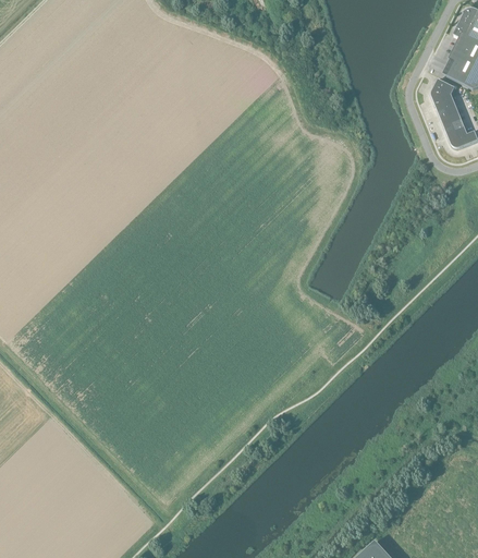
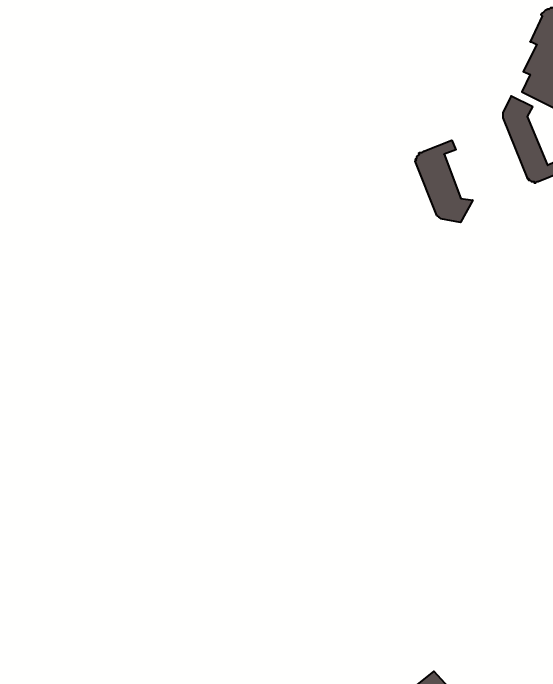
building: none -> [415,140,473,222]

